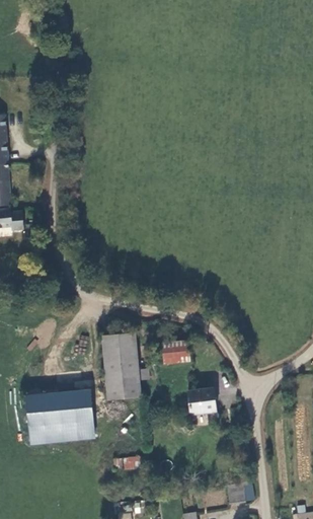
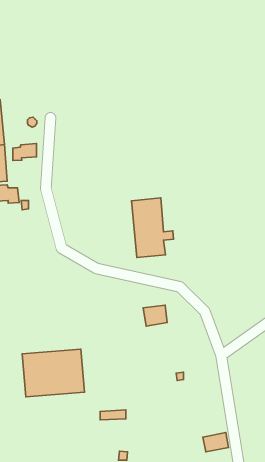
building: none -> [13,144,37,161]
building: [102,332,149,398] -> [131,198,174,258]
building: [187,386,216,413] -> none

